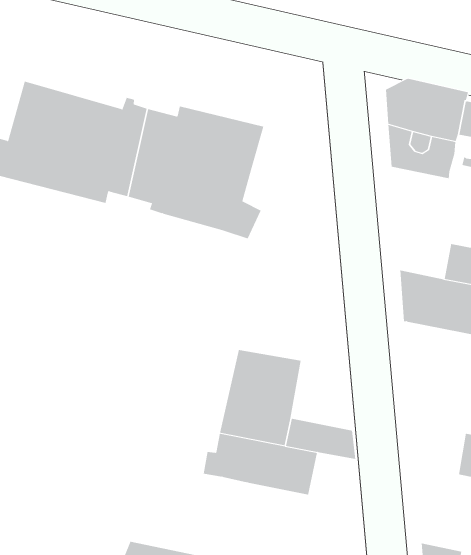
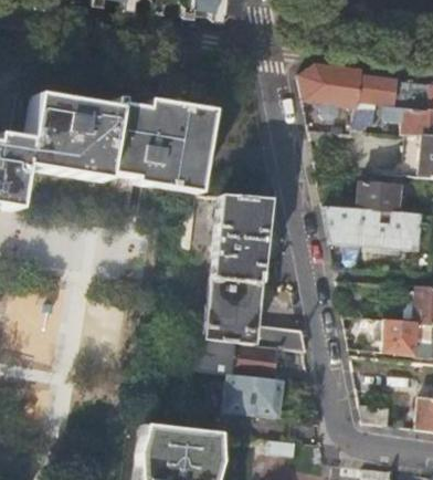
building: none -> [213,196,270,280]
building: none -> [225,374,285,416]

